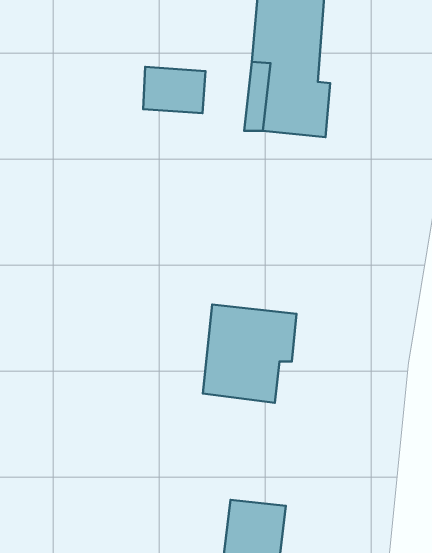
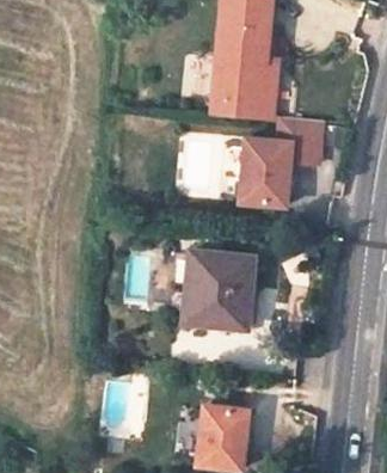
building: [143,67,206,113] -> none
building: none -> [244,119,326,208]

